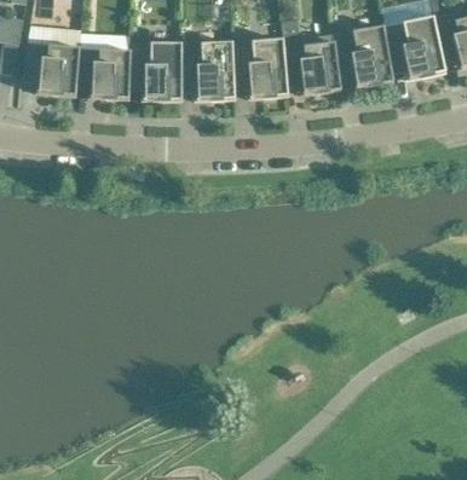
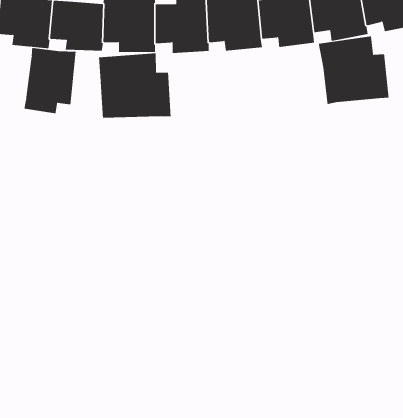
building: none -> [318,36,389,105]
building: none -> [24,47,76,114]
building: none -> [99,52,171,119]

